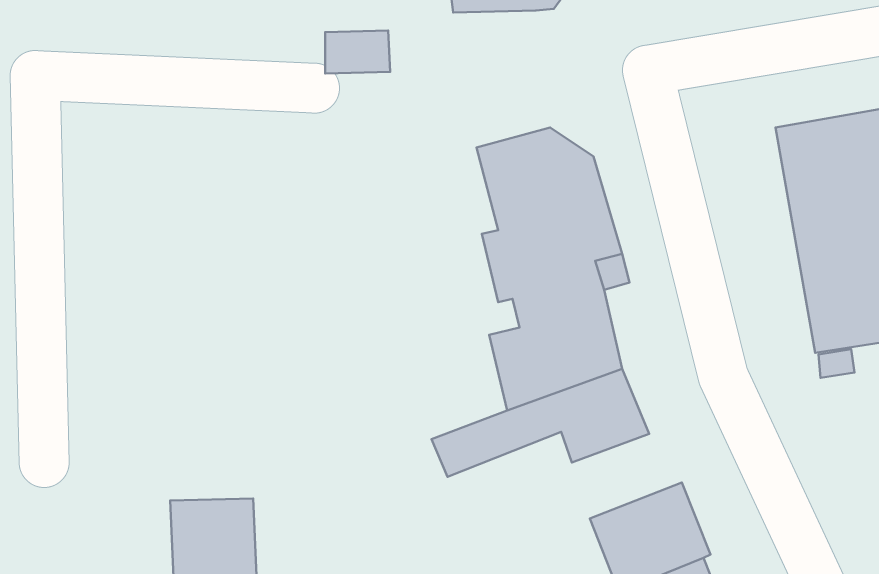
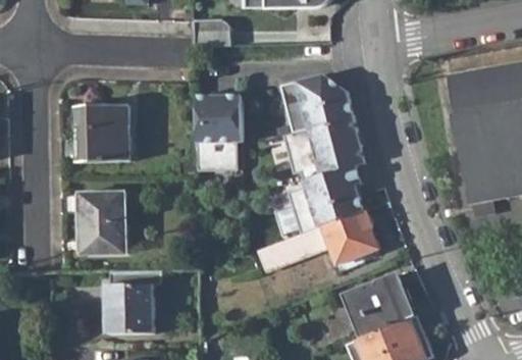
building: none -> [193,95,241,170]
building: none -> [75,104,127,160]
building: none -> [82,191,125,251]

